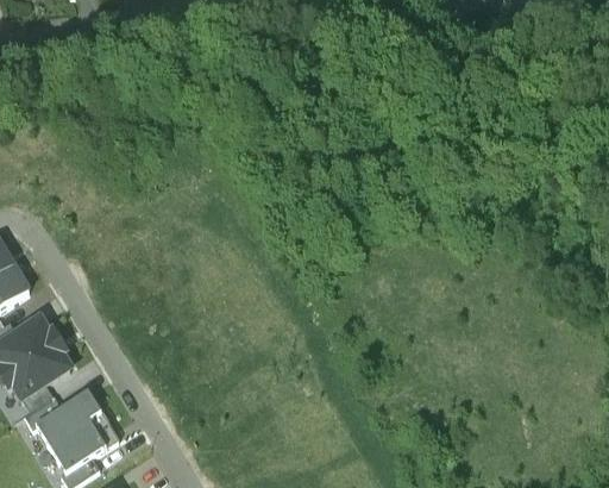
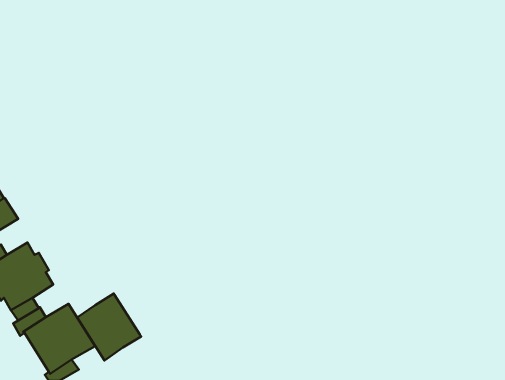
building: none -> [77,293,141,361]

